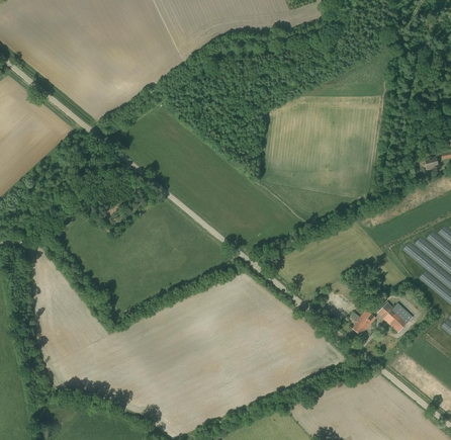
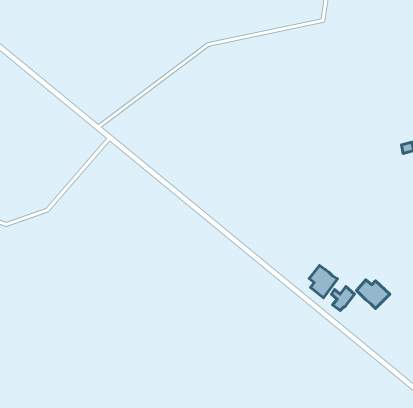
building: none -> [309,265,337,298]

